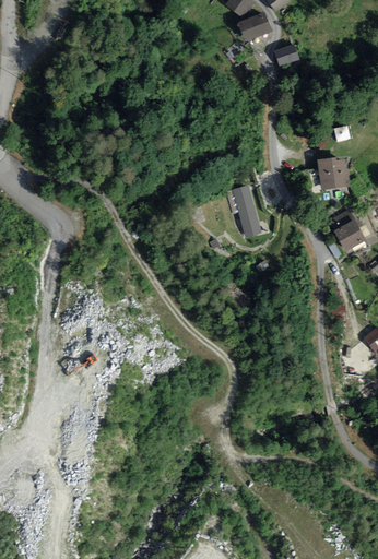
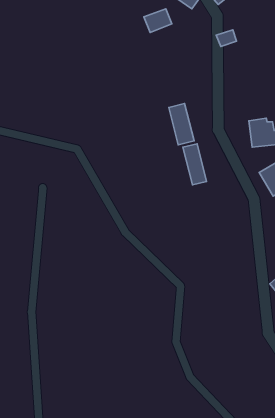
building: [238,12,273,41] -> [144,9,172,32]
building: none -> [169,104,194,145]

